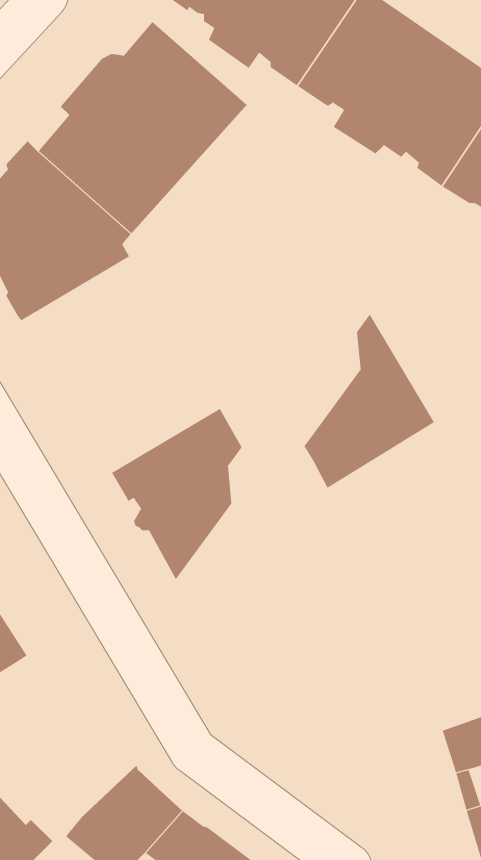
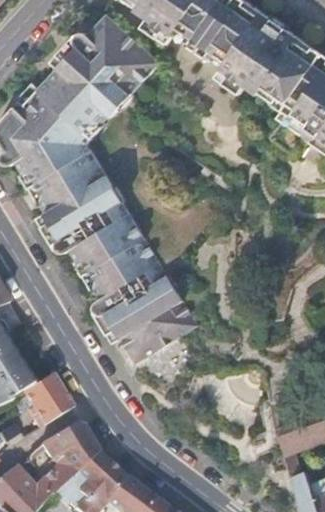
building: none -> [31,151,148,278]
building: [303,313,435,489] -> [122,263,199,366]
building: none -> [24,373,73,425]
building: none -> [37,422,99,495]

